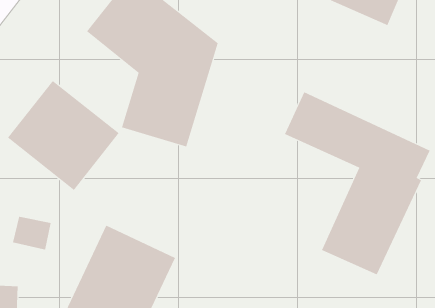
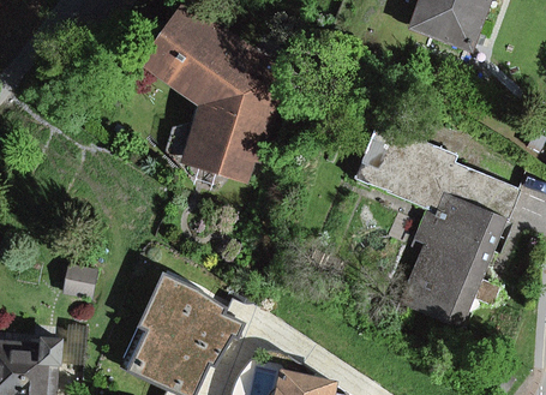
building: [7,80,119,191] -> none

